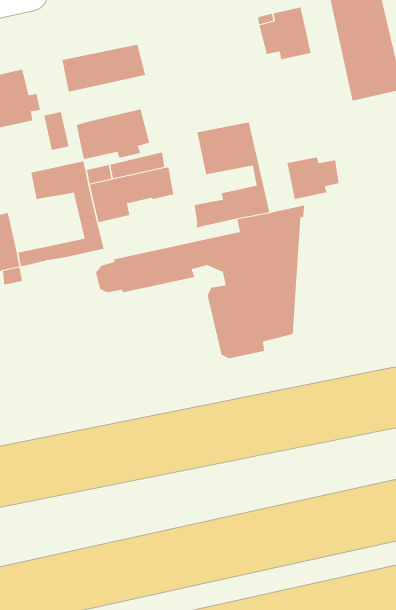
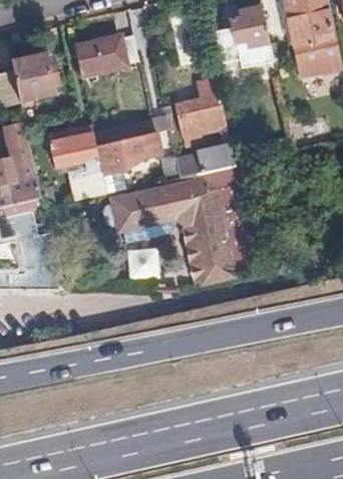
building: [76,109,150,160] -> none
building: [287,157,339,200] -> none
building: none -> [126,245,157,276]

